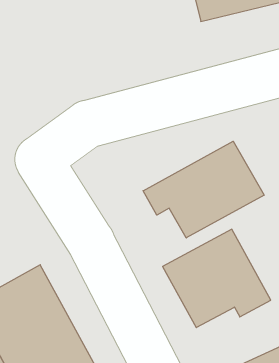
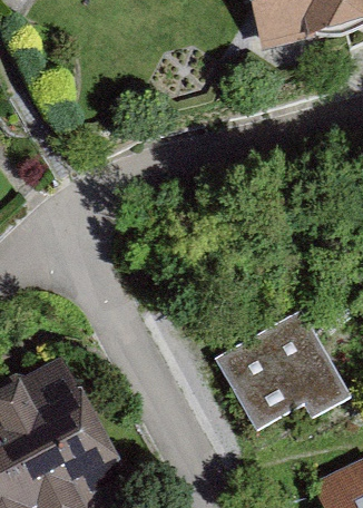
building: [143,141,264,238] -> none

